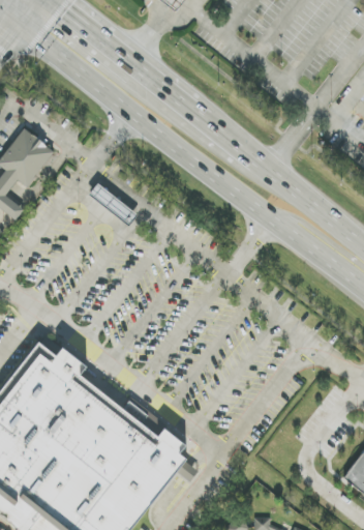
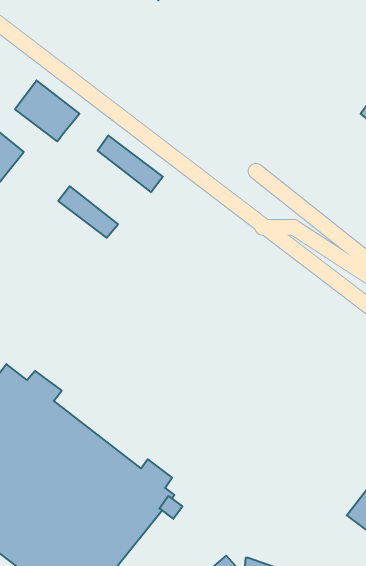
building: none -> [15,80,79,141]
building: none -> [98,135,163,192]

